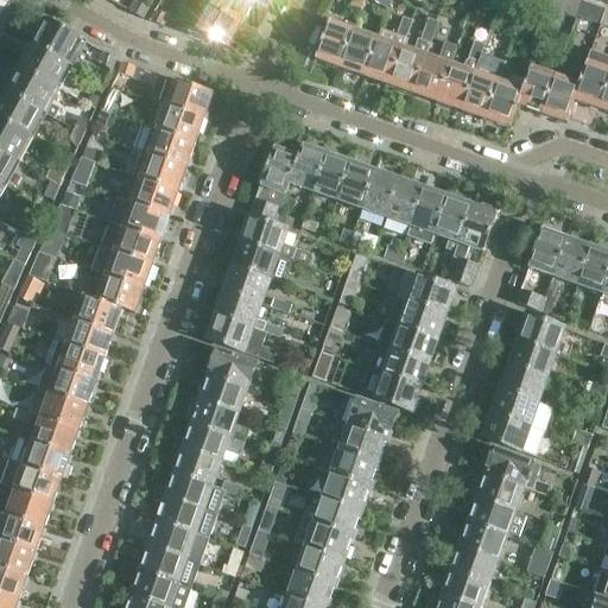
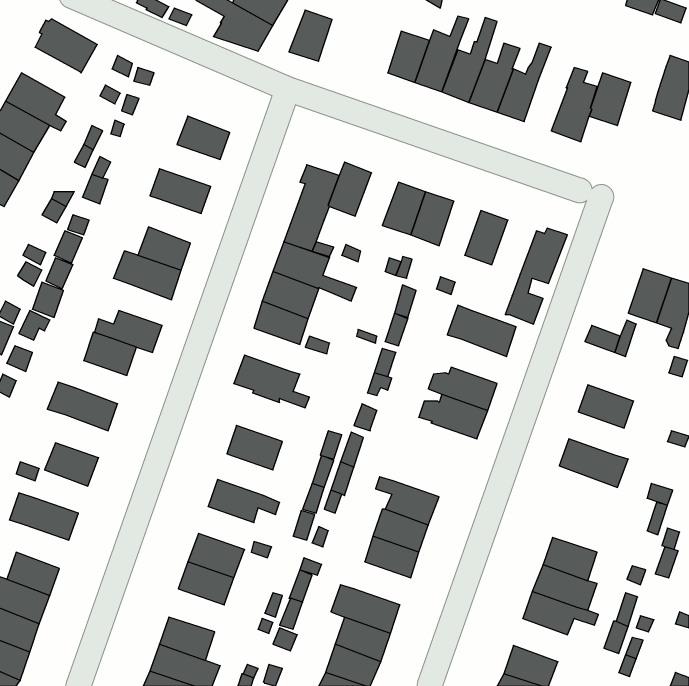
building: [315,19,353,64] -> [289,10,332,61]
building: [19,42,70,86] -> none
building: [461,69,499,115] -> none
building: [543,72,578,119] -> none
building: [158,75,211,116] -> none
building: [133,121,194,164] -> none
building: [312,152,350,198] -> none
building: [131,175,177,214] -> none
building: [386,177,423,224] -> none
building: [432,194,471,260] -> none
building: [527,223,565,276] -> none
building: [104,249,151,286] -> none
building: [215,289,283,334] -> none
building: [397,298,445,337] -> none
building: [517,312,564,353] -> none
building: [65,317,112,355] -> none
building: [208,348,259,388] -> none
building: [500,362,566,400] -> none
building: [49,365,95,403] -> none
building: [360,372,419,410] -> none
building: [188,399,249,442] -> none
building: [346,399,394,437] -> none
building: [483,410,543,452] -> none
building: [31,413,77,451] -> none
building: [175,445,223,483] -> none
building: [486,446,551,493] -> none
building: [14,462,61,500] -> none
building: [299,494,361,532] -> none
building: [148,518,197,556] -> none
building: [451,544,499,582] -> none

